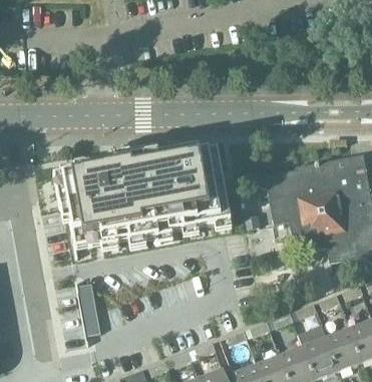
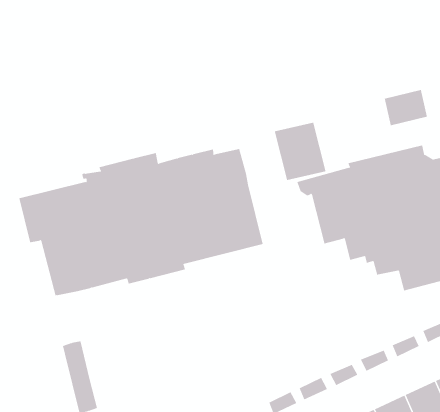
building: none -> [384,89,427,126]
building: none -> [274,122,326,181]

